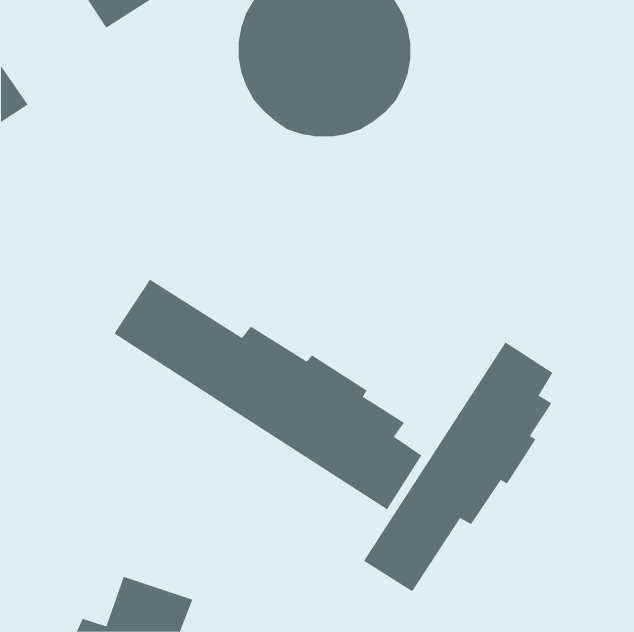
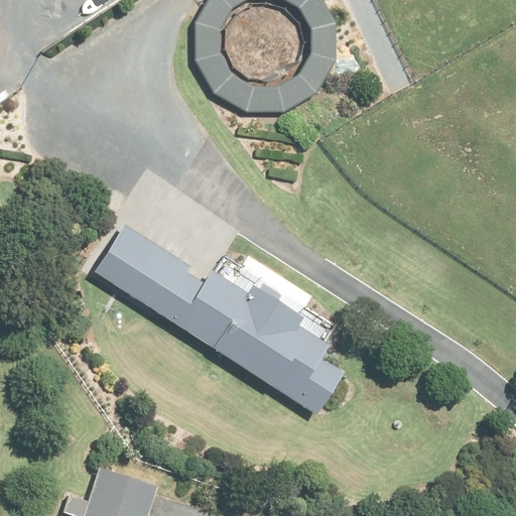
building: [363,341,553,592] -> none

